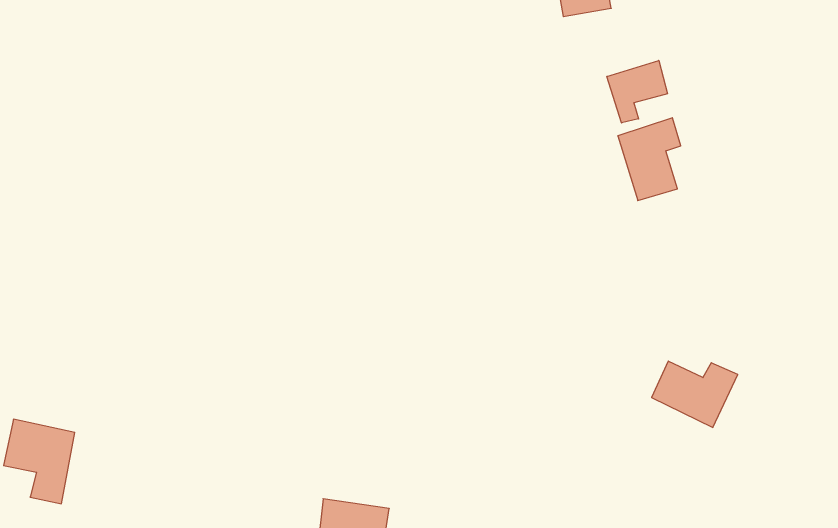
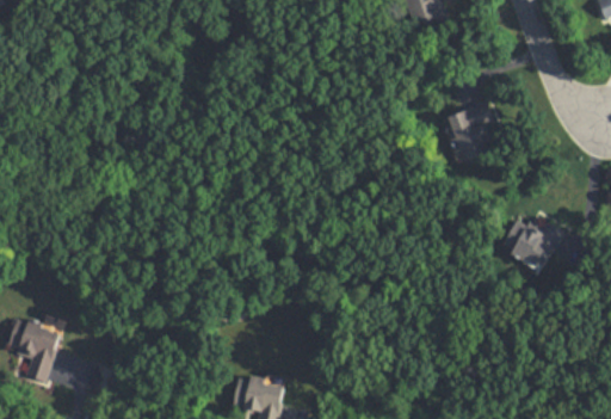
building: [607,60,667,123] -> none
building: [652,361,738,427] -> [502,221,564,269]

